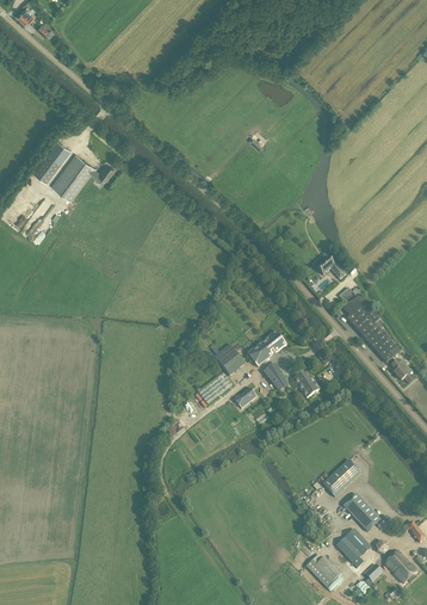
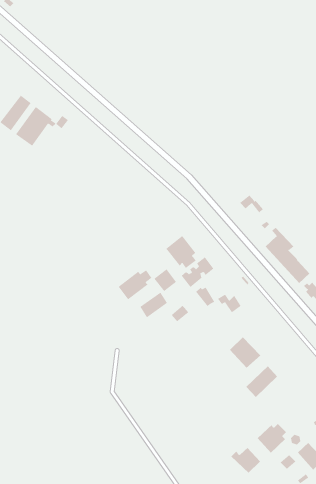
building: none -> [165,235,197,269]
building: none -> [118,269,152,300]
building: none -> [229,337,261,369]
building: [342,493,379,531] -> none

